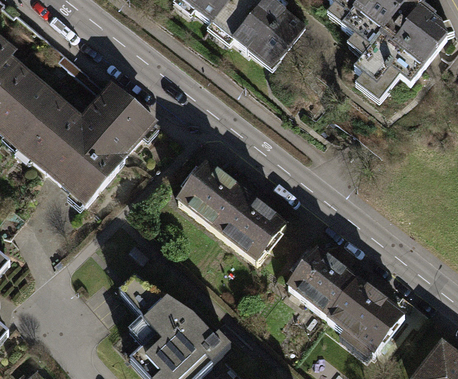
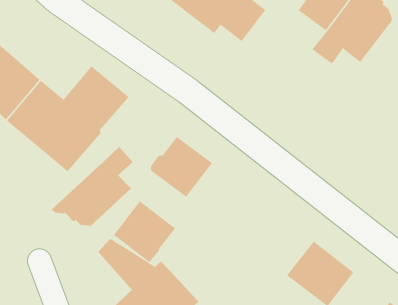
building: none -> [50,146,134,227]
building: [217,193,286,262] -> [113,201,176,263]
building: [287,248,357,317] -> none

